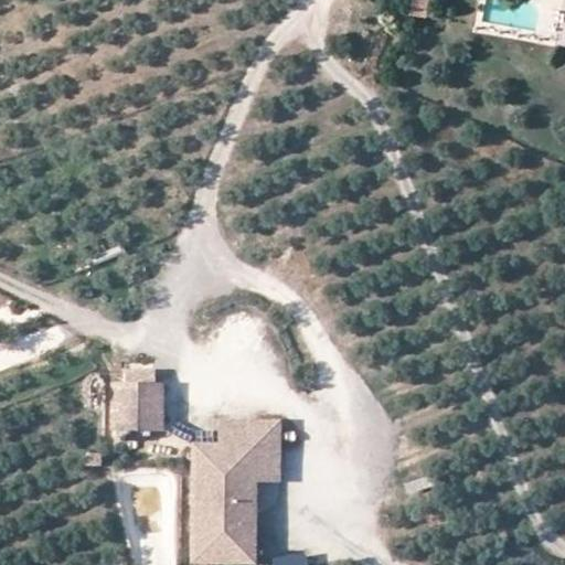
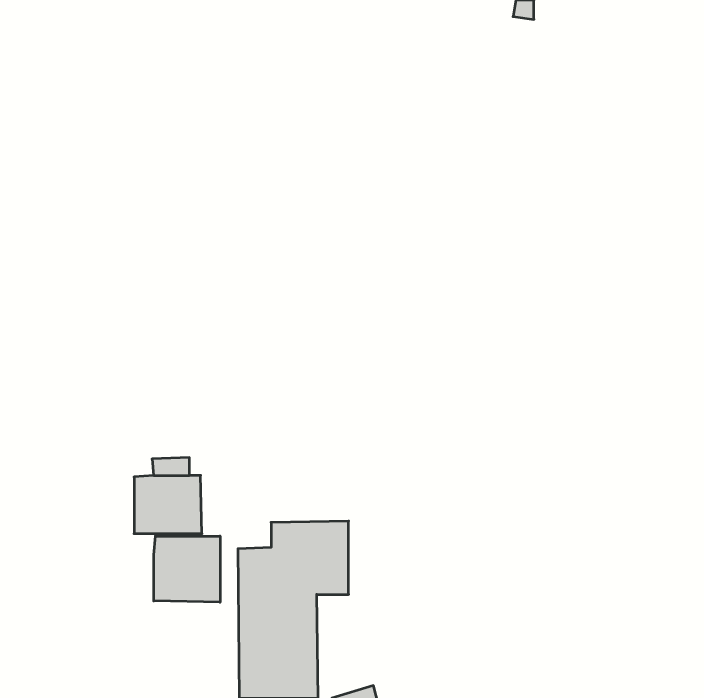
building: none -> [154,536,220,602]

